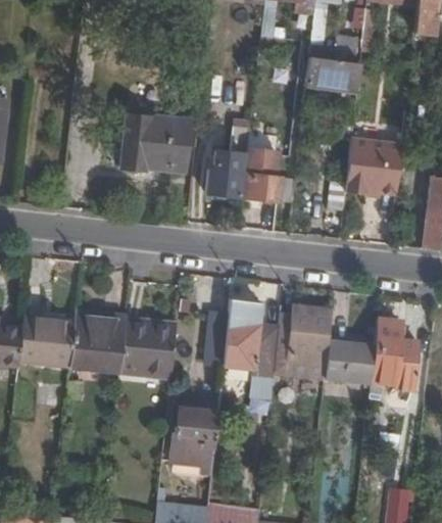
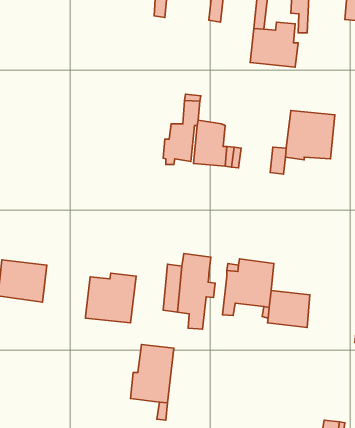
building: [119,111,191,170] -> none
building: [69,312,125,372] -> none
building: [369,323,414,399] -> none
building: [251,324,280,397] -> none

